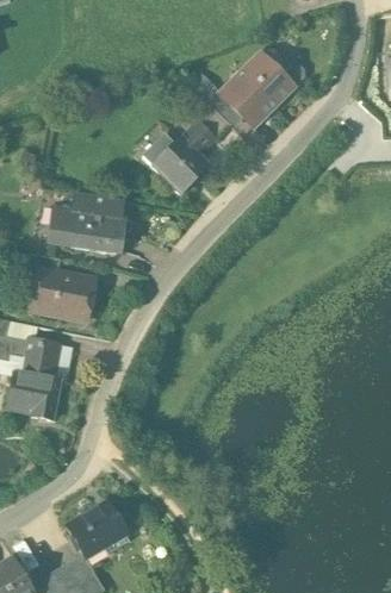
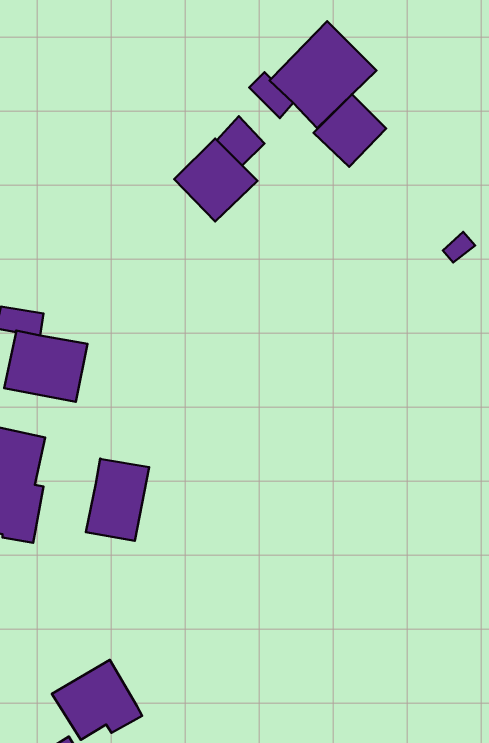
building: none -> [314,94,386,167]
building: [49,191,125,251] -> none
building: none -> [86,459,149,541]

